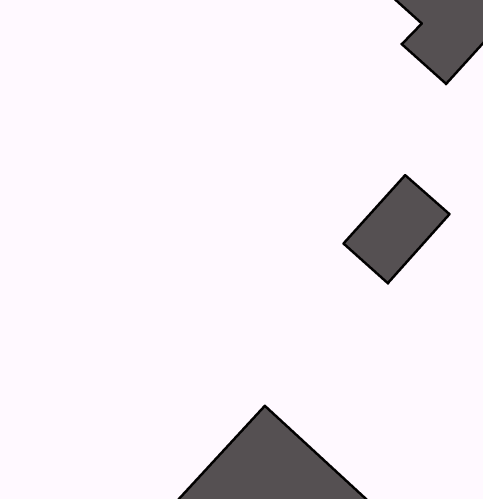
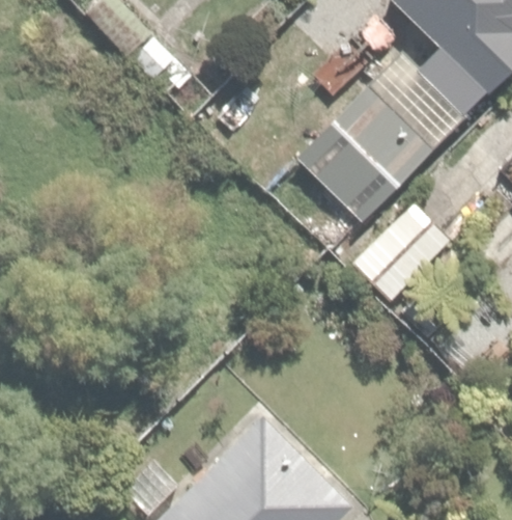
building: none -> [292,78,437,224]

